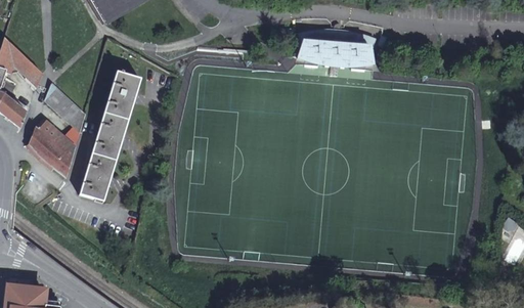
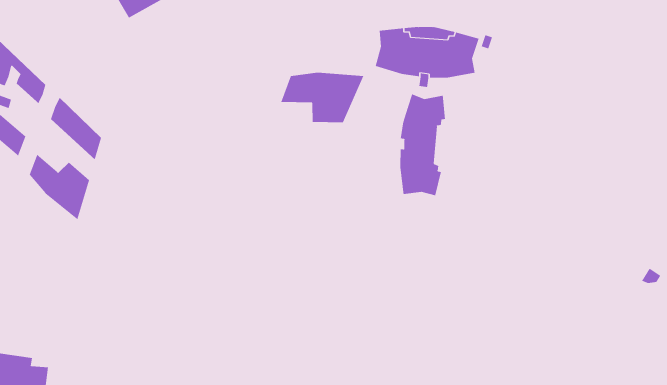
building: none -> [281,72,364,123]
building: [81,70,141,199] -> none
building: none -> [400,94,446,196]

